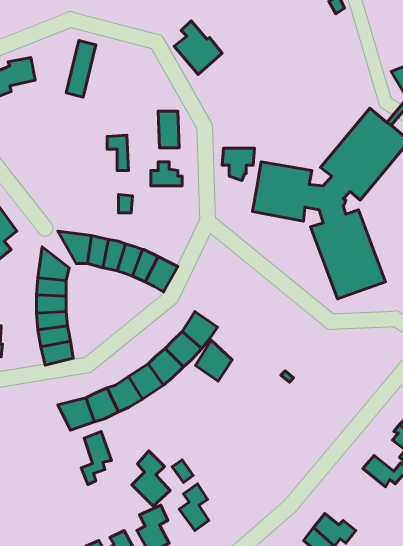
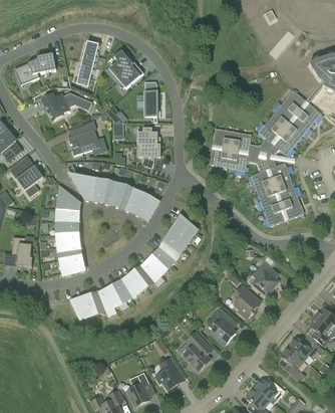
building: [174,21,222,74] -> [109,50,143,88]
building: none -> [44,92,92,120]
building: [222,148,255,181] -> [137,145,160,168]
building: none -> [68,121,100,155]
building: [195,340,232,381] -> [170,216,196,245]
building: none -> [249,260,279,293]
building: none -> [234,284,258,318]
building: none -> [210,306,236,345]
building: [81,431,111,484] -> none
building: [132,451,170,506] -> [184,331,211,370]
building: none -> [281,346,306,382]

